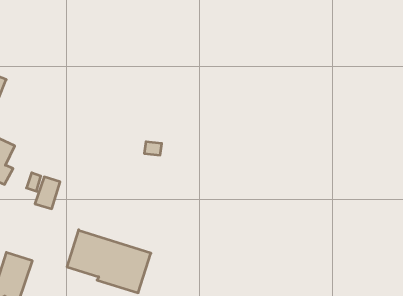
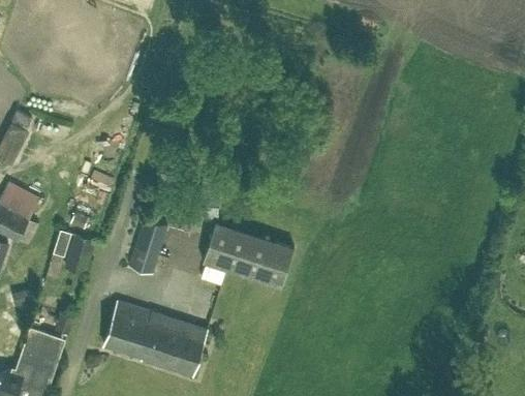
building: none -> [128,219,168,276]
building: none -> [203,222,295,288]

